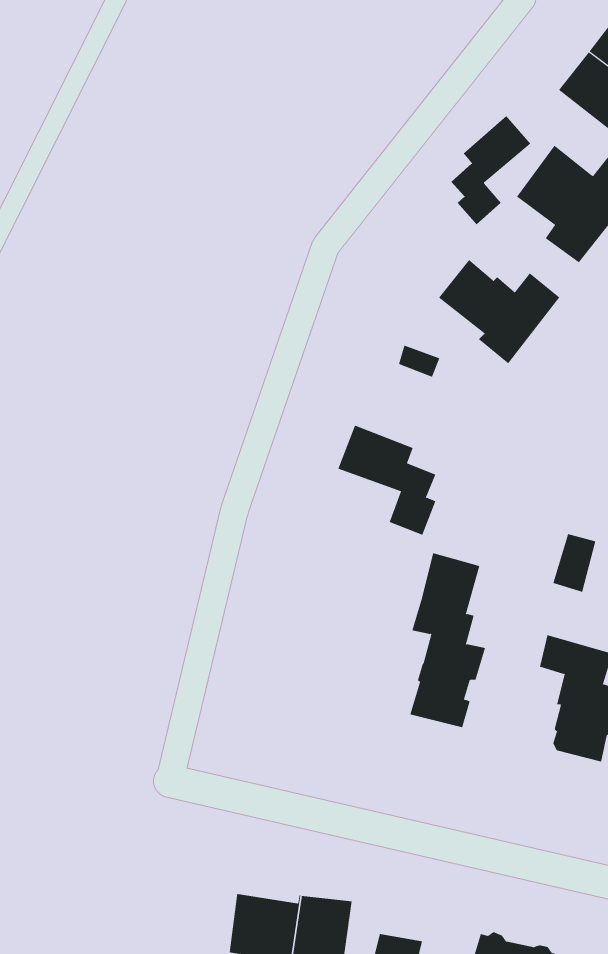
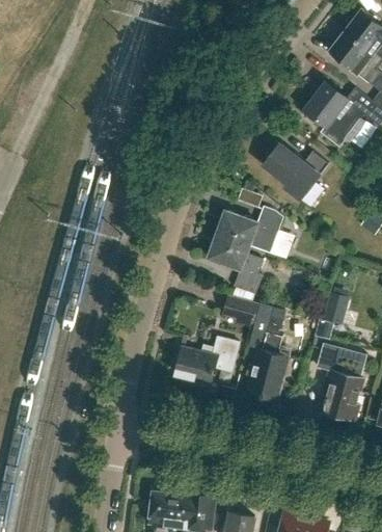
building: [450,115,531,225] -> none
building: none -> [217,207,282,254]
building: none -> [221,295,260,328]
building: none -> [173,337,240,388]

